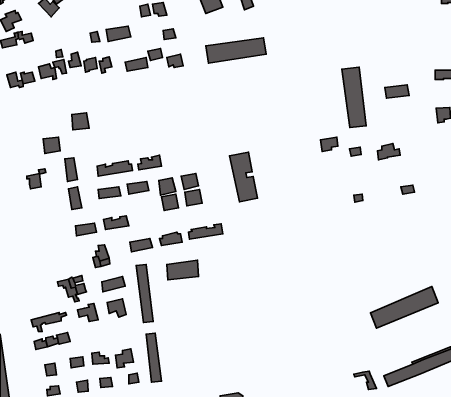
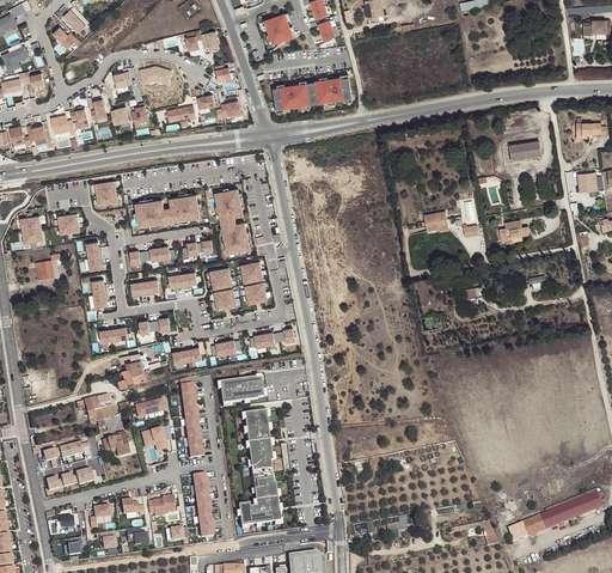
building: [342,67,366,128] -> none
building: none -> [135,190,202,225]
building: none -> [20,214,43,243]
building: [230,152,258,202] -> [214,185,251,251]
building: none -> [238,407,281,523]
building: [370,287,438,328] -> none

